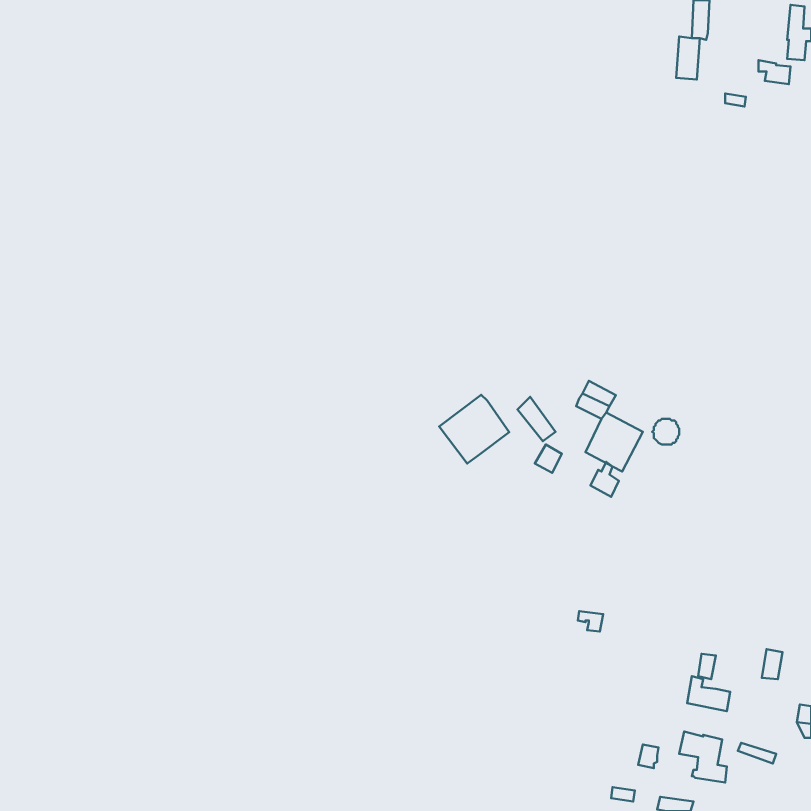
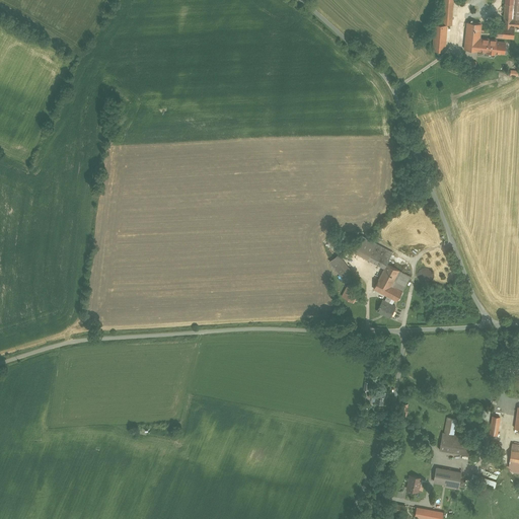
building: none -> [464,22,490,52]
building: [439,395,509,464] -> none

